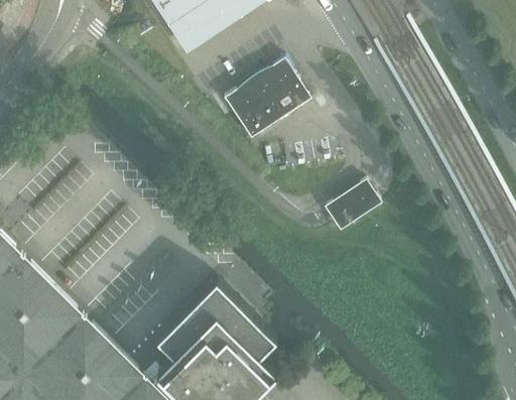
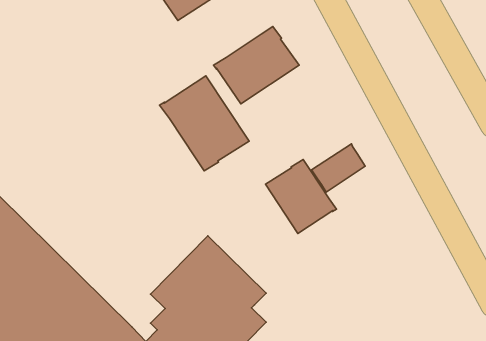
building: none -> [160,76,249,171]
building: none -> [265,160,336,233]

